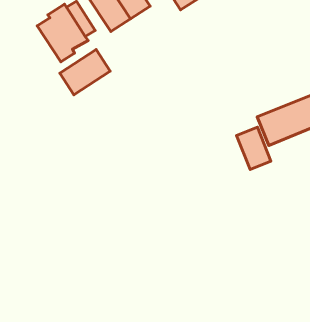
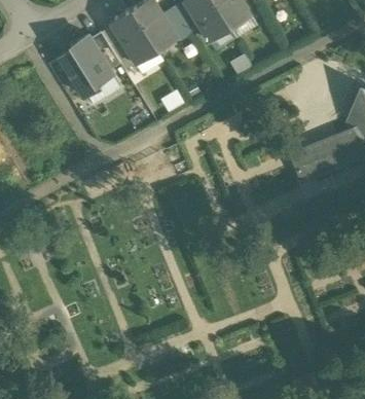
building: [60,50,110,95] -> none
building: [236,127,271,169] -> none

